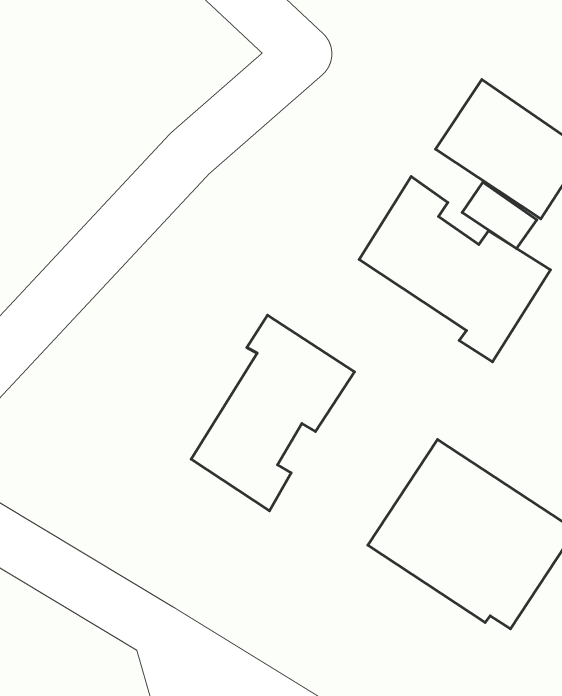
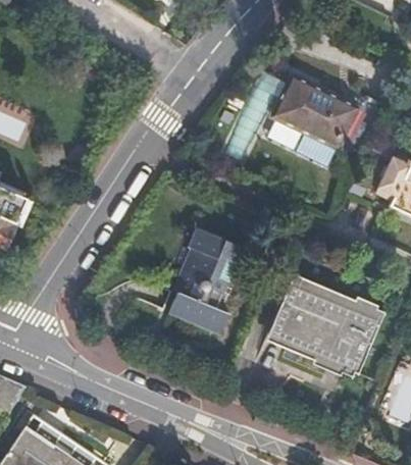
building: [359,176,550,362] -> none

